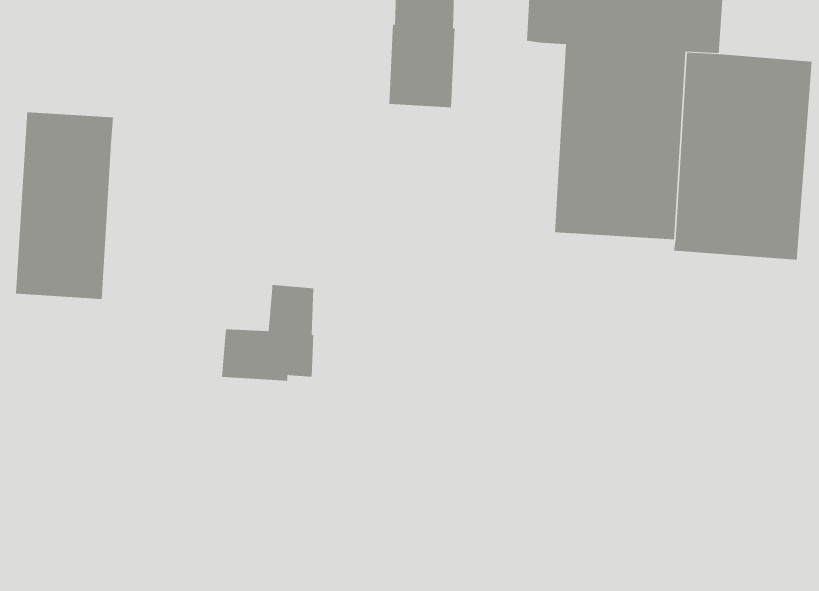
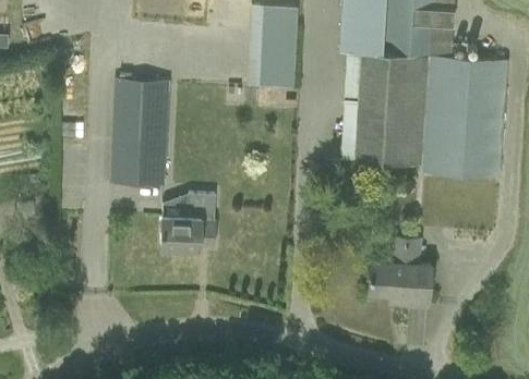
building: [15,112,114,299] -> [110,78,168,188]
building: none -> [368,241,432,304]

